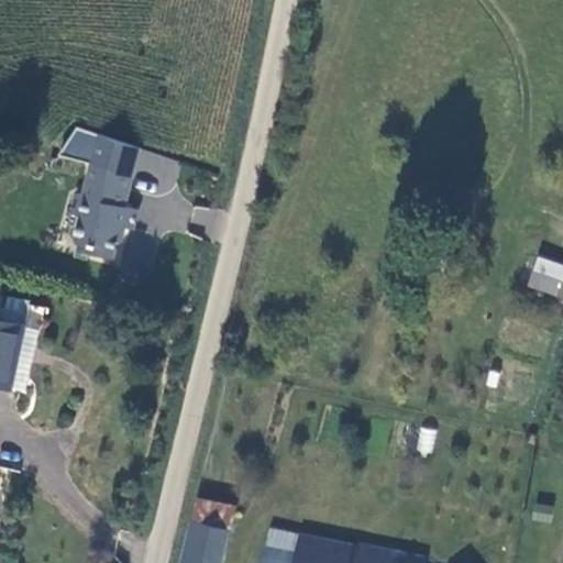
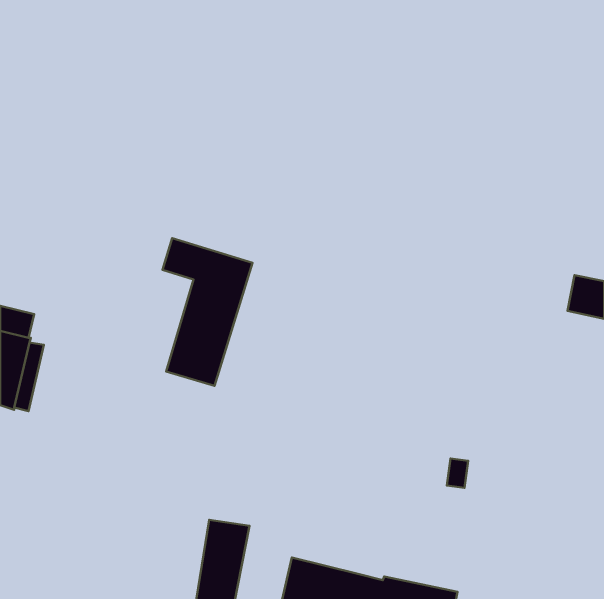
building: [63,131,146,268] -> [163,238,252,386]

